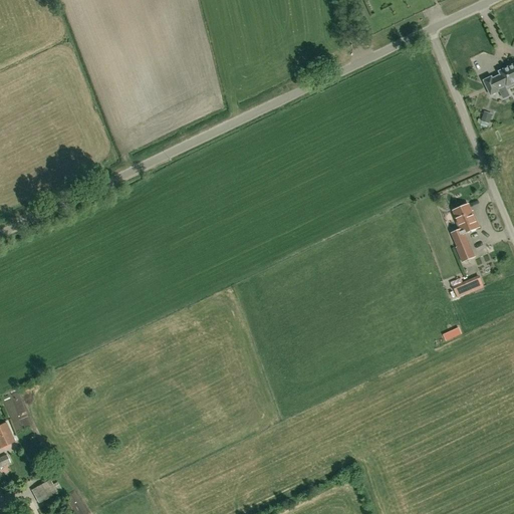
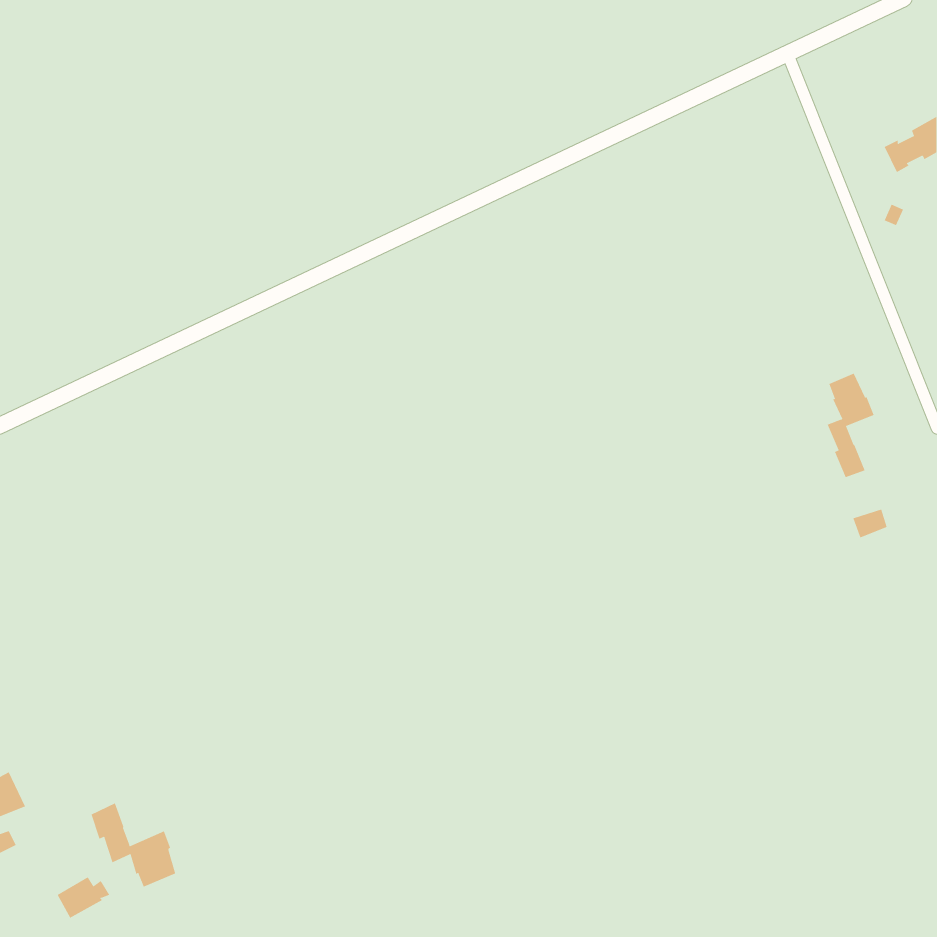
building: none -> [91,802,176,888]

